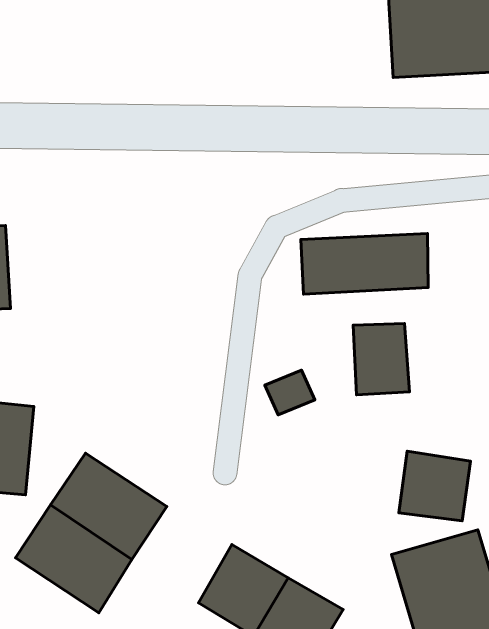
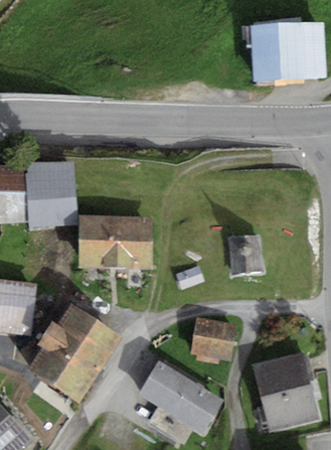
building: none -> [25,160,75,228]
building: [301,233,428,294] -> none
building: none -> [80,220,151,271]
building: [399,451,470,521] -> [191,313,234,355]

